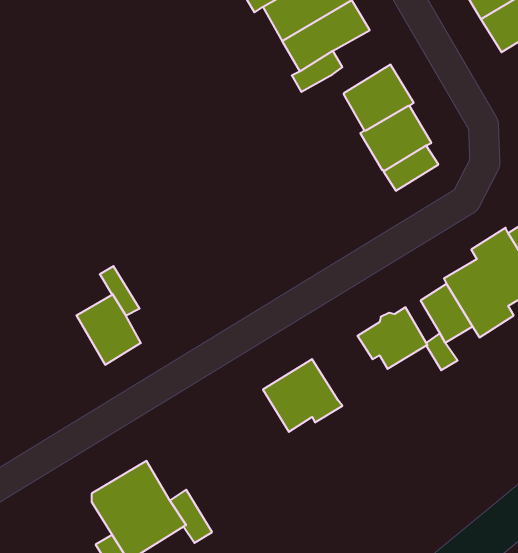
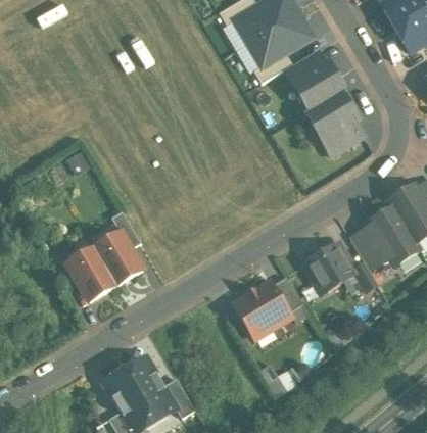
building: none -> [285,49,325,83]
building: none -> [67,248,115,300]
building: none -> [272,276,302,311]

